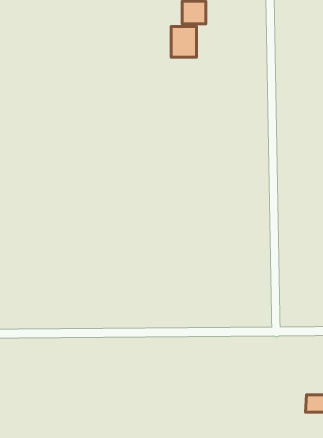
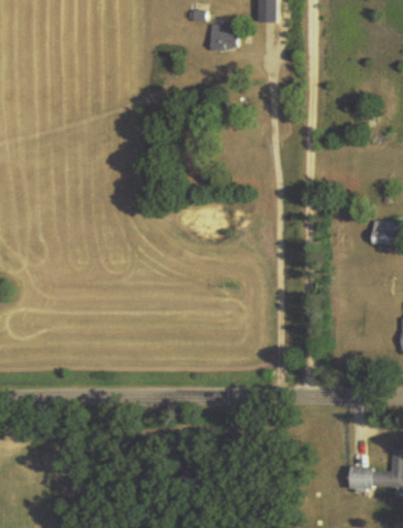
building: [171,27,197,57] -> none

